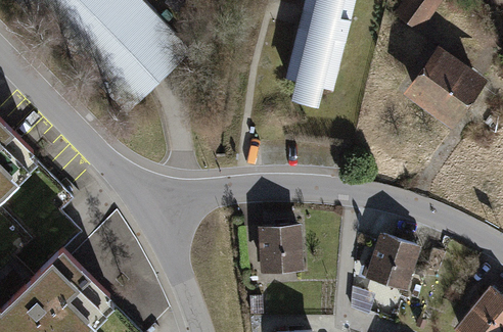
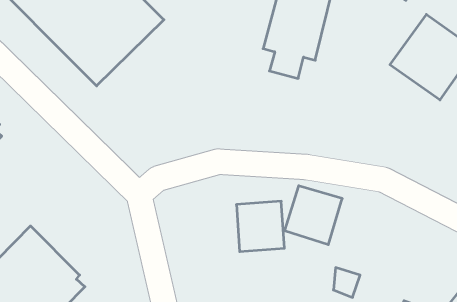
building: [367,233,422,289] -> [285,186,342,245]

